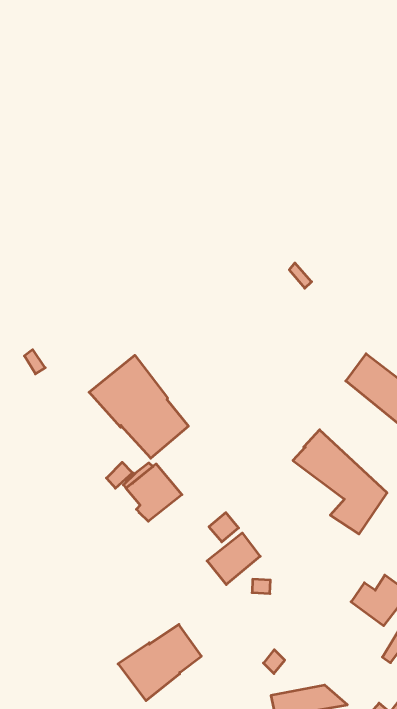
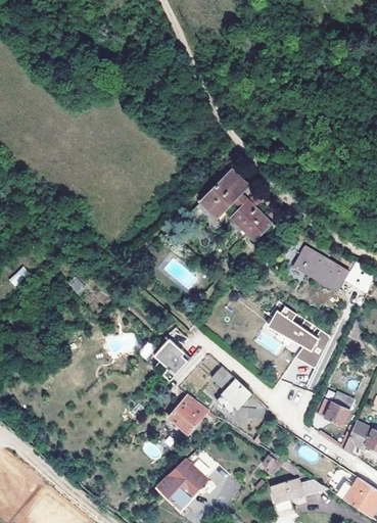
building: none -> [199,171,269,236]
building: [89,355,188,458] -> none
building: none -> [171,396,208,435]

